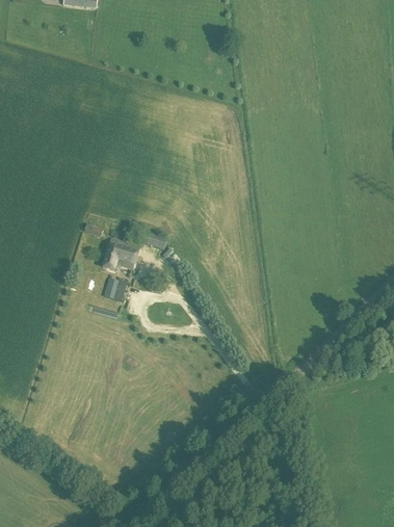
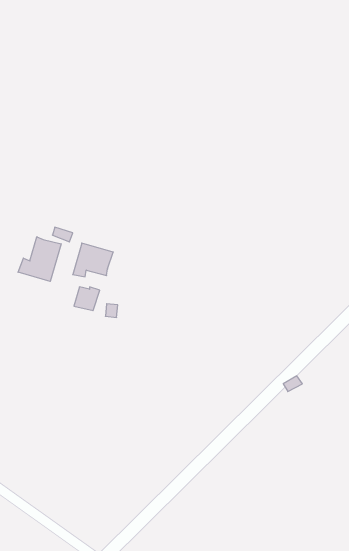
building: none -> [18,237,61,281]

